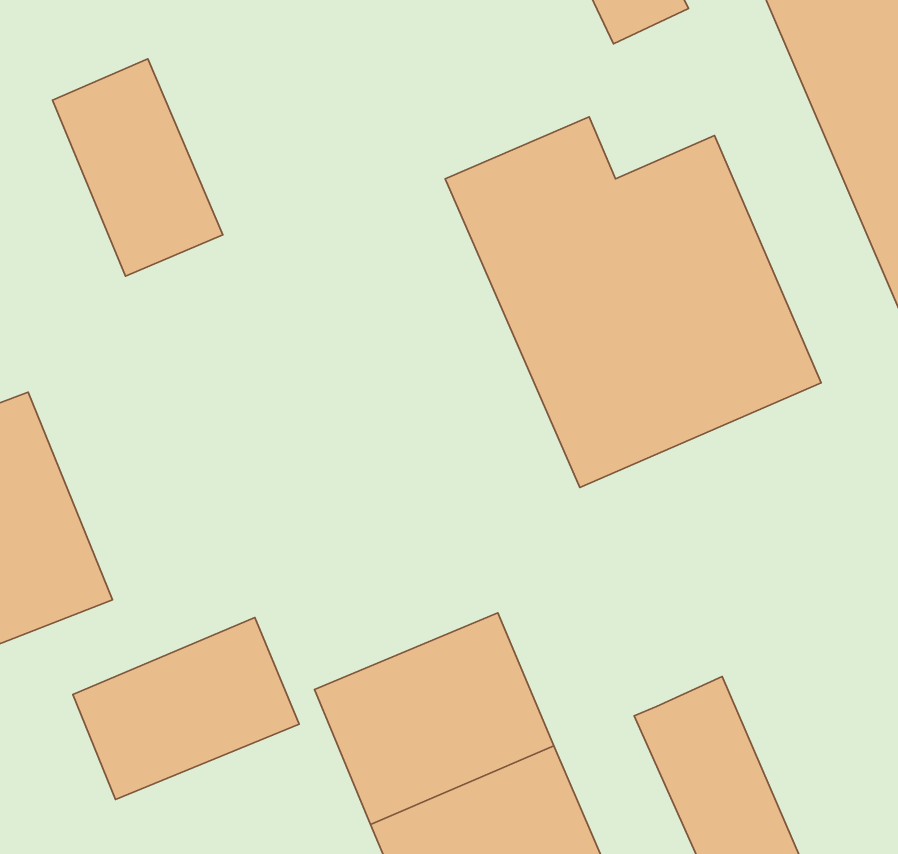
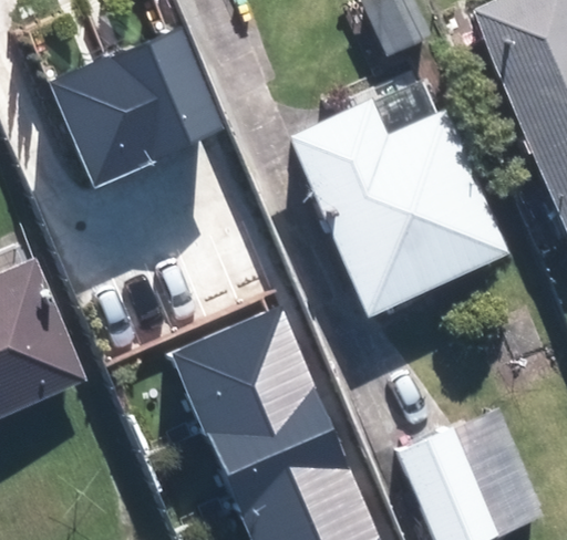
building: none -> [107,29,226,163]
building: none -> [174,311,315,432]
building: [73,618,299,800] -> none

